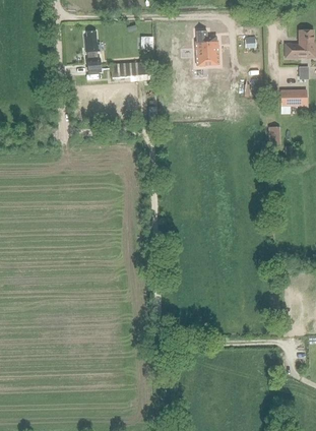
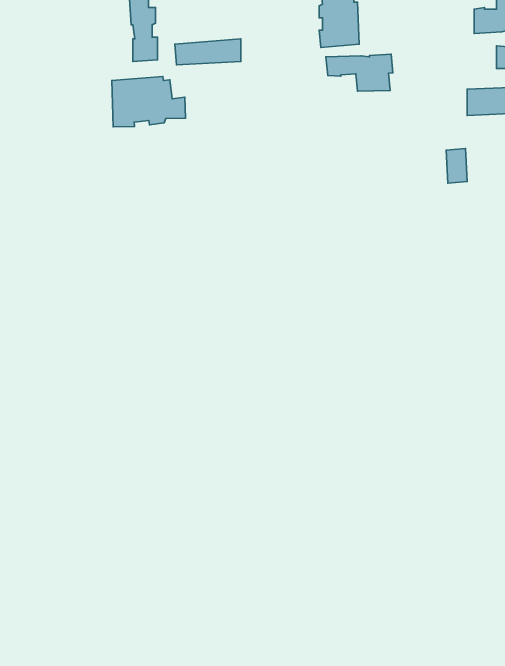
building: none -> [326,54,393,91]
building: none -> [112,76,185,127]

